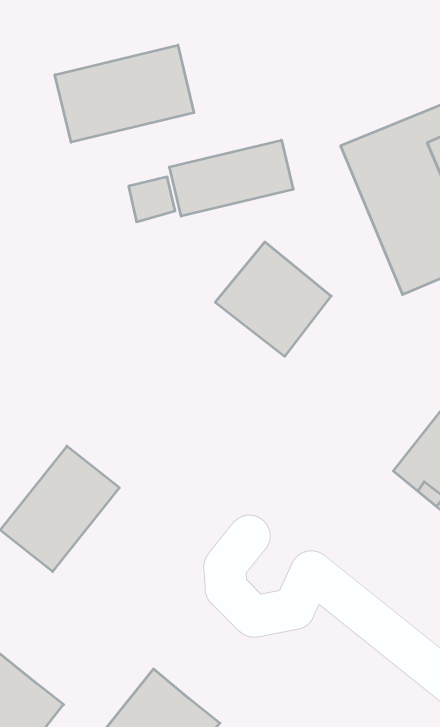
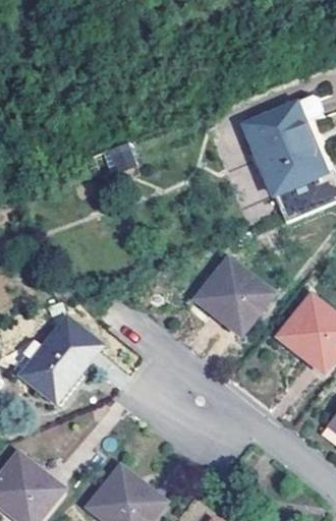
building: [55,45,194,142] -> none
building: [169,140,293,216] -> none
building: [215,242,331,356] -> [193,260,270,336]

